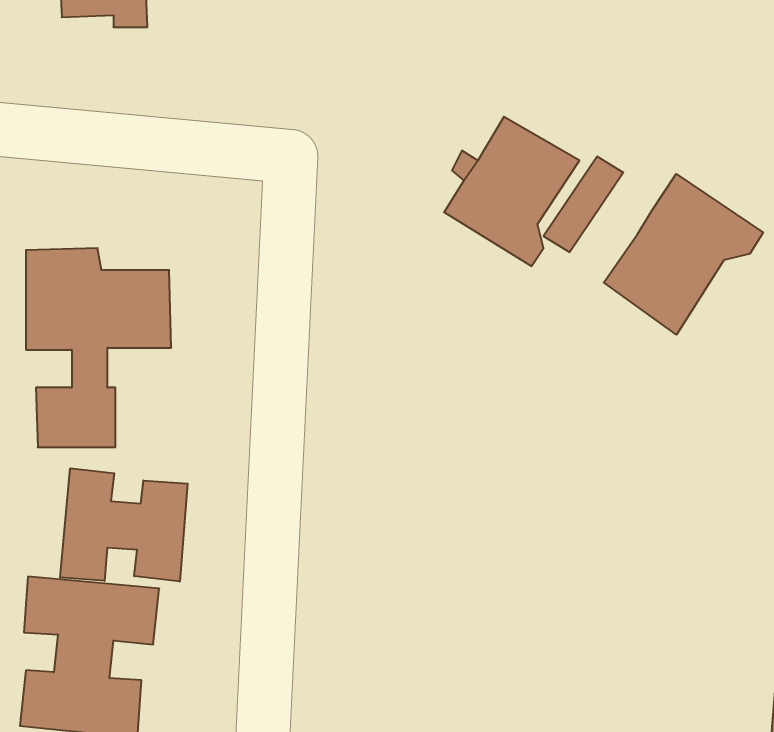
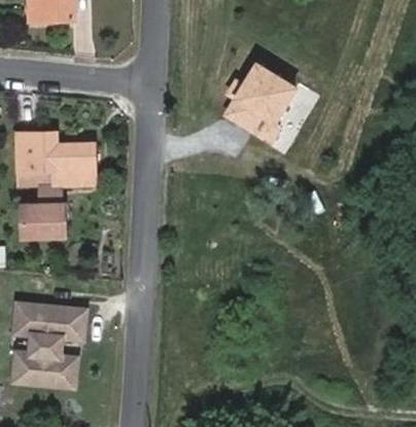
building: [604,174,763,335] -> none
building: [60,468,188,582] -> none

